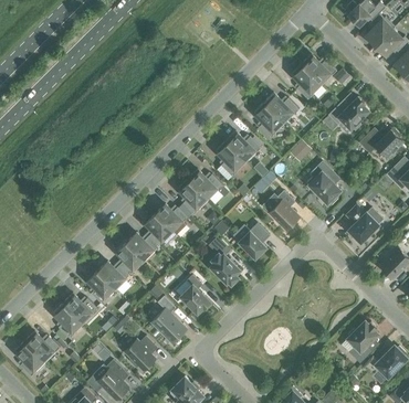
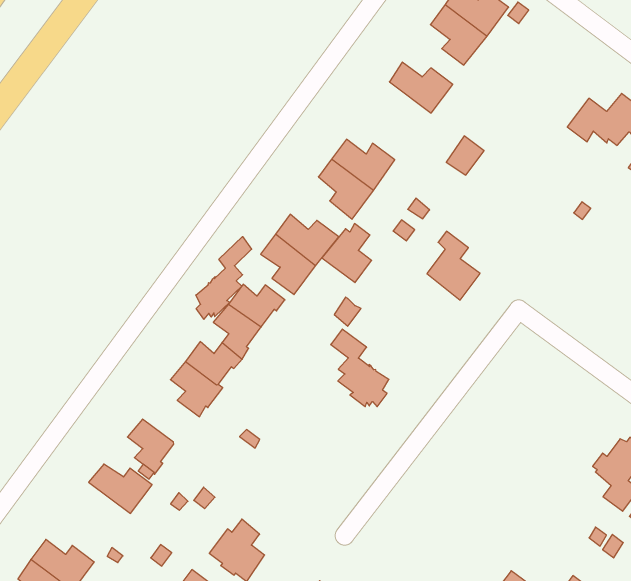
building: [329,96,369,130] -> none
building: [254,103,285,138] -> none
building: [307,161,340,204] -> none
building: none -> [196,237,252,319]
building: [347,204,379,243] -> none
building: [239,225,268,258] -> [322,224,372,283]
building: [98,262,130,290] -> none
building: [181,275,210,312] -> none
building: [151,296,187,343] -> none
building: [53,303,84,338] -> none

